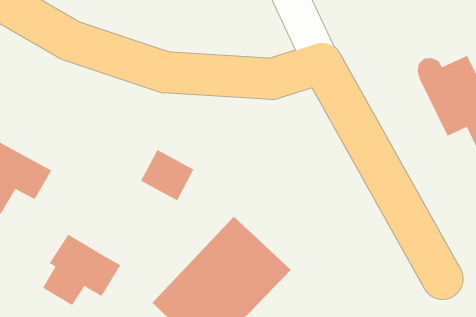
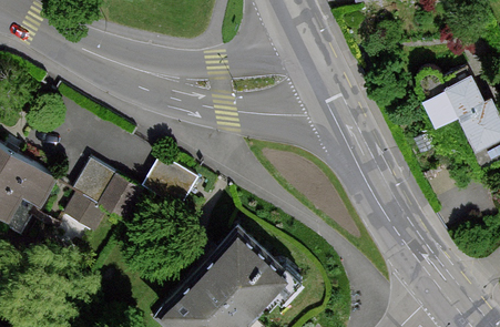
building: [42,234,121,306] -> [64,161,142,232]

